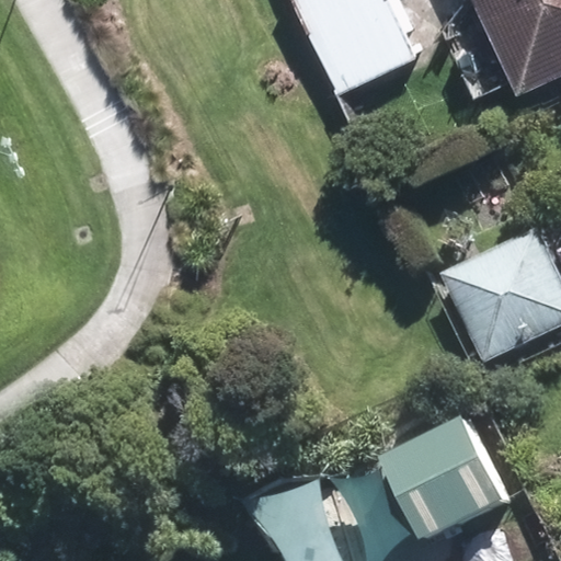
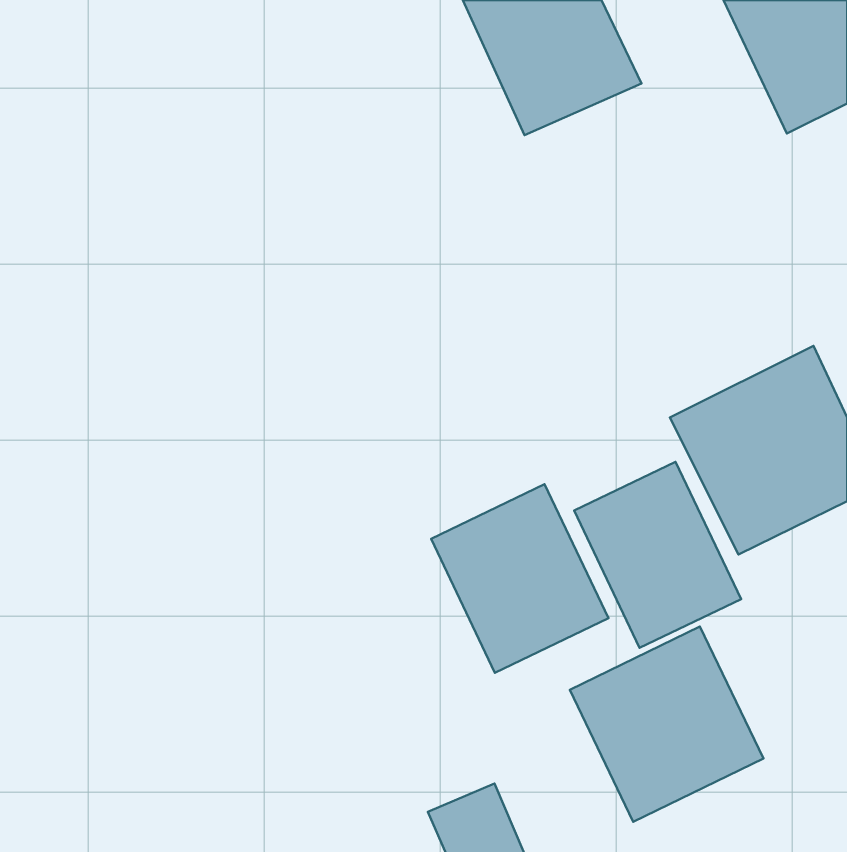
building: none -> [574,462,741,648]
building: none -> [431,484,608,673]

